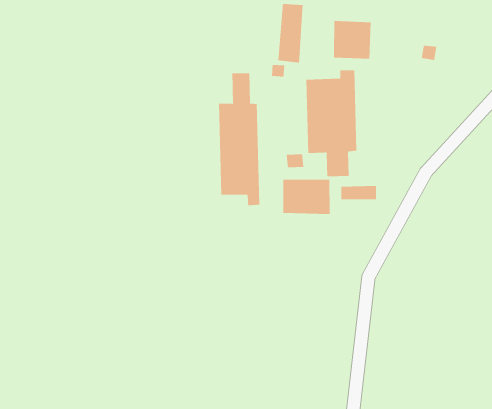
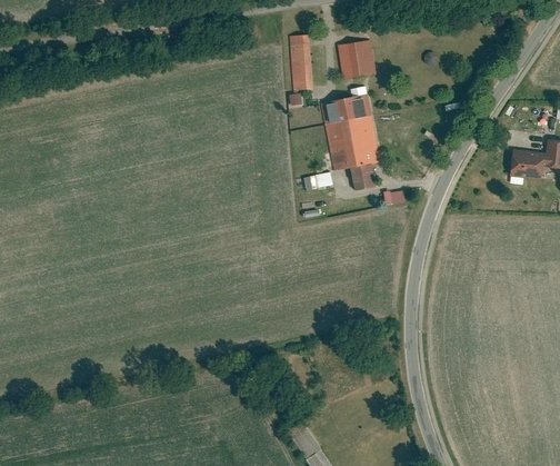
building: [219,73,260,206] -> none
building: [283,179,330,215] -> none

